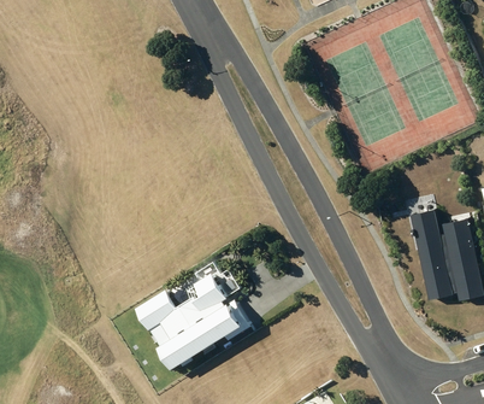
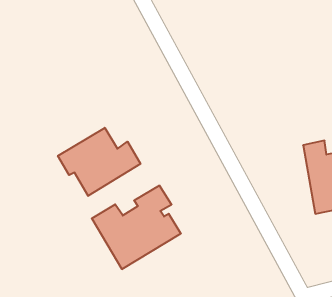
building: none -> [58,128,140,196]

